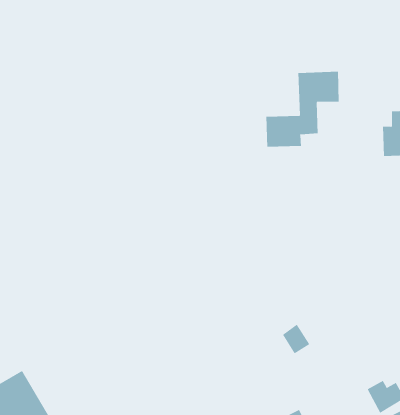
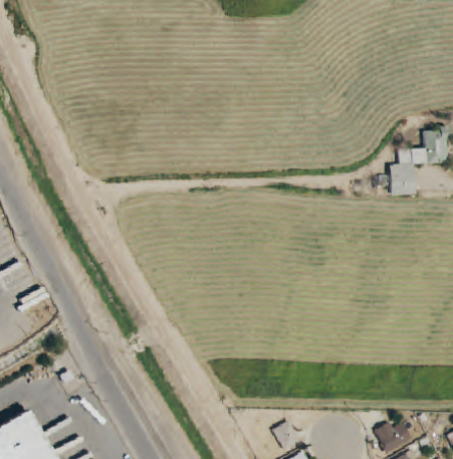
building: [266,71,339,148] -> none
building: [282,324,310,354] -> [272,420,300,451]

